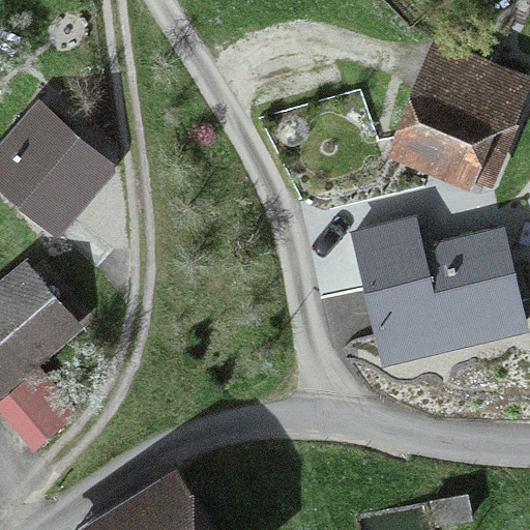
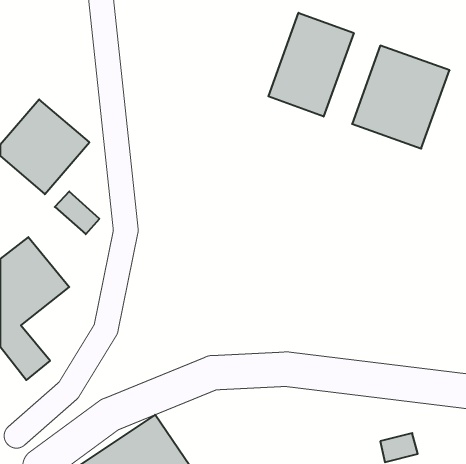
building: none -> [268,13,354,117]
building: [355,230,516,345] -> none

